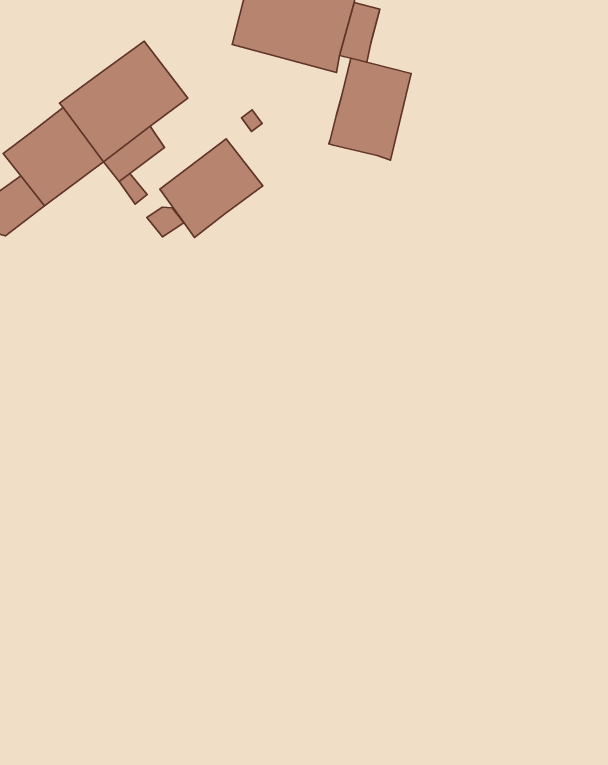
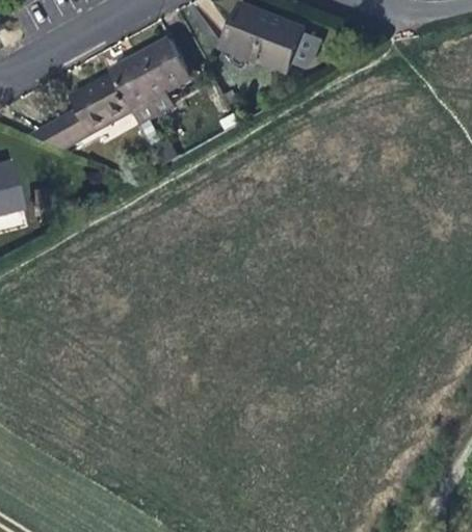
building: [329,58,411,160] -> none
building: [160,139,263,237] -> none

